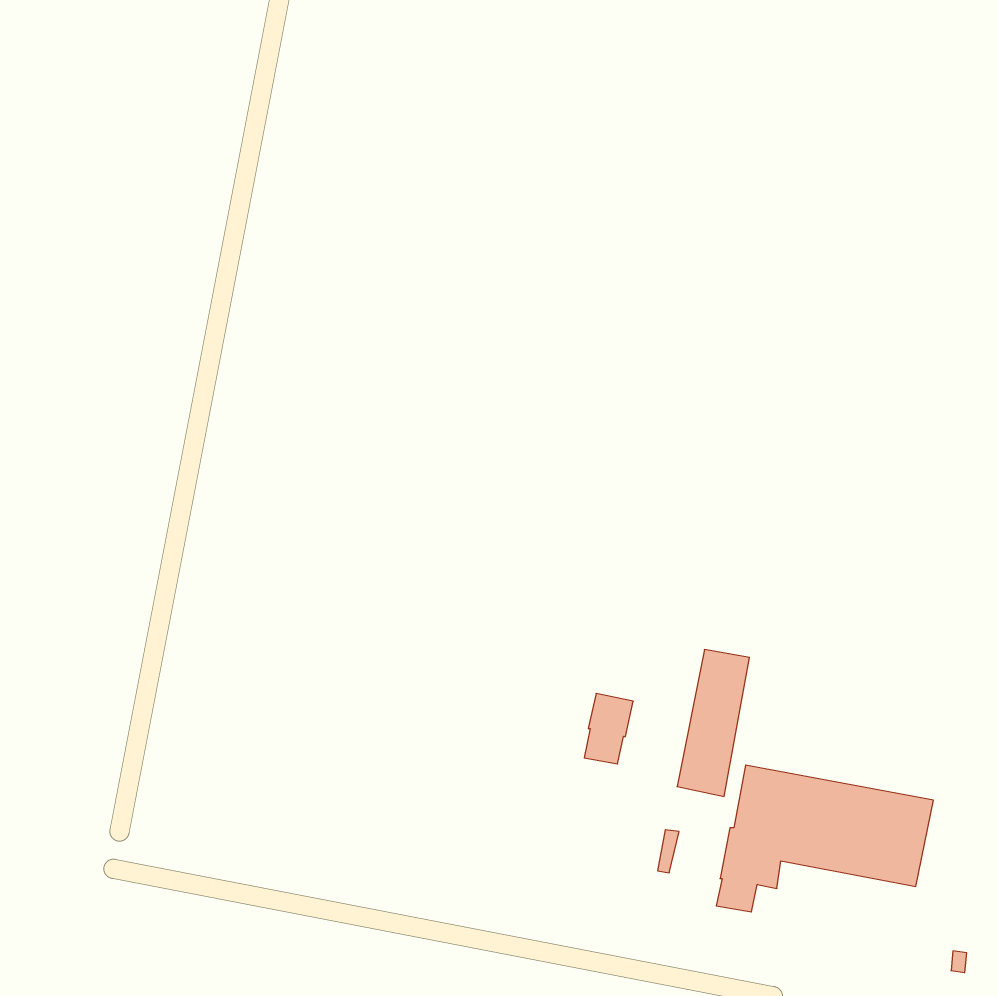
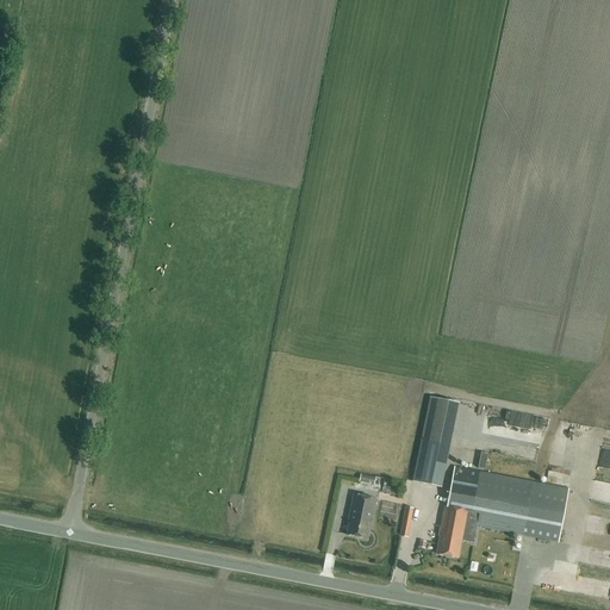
building: [584,693,633,764] -> [347,493,376,536]

